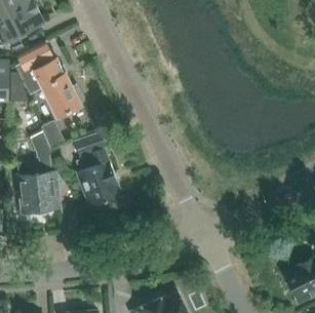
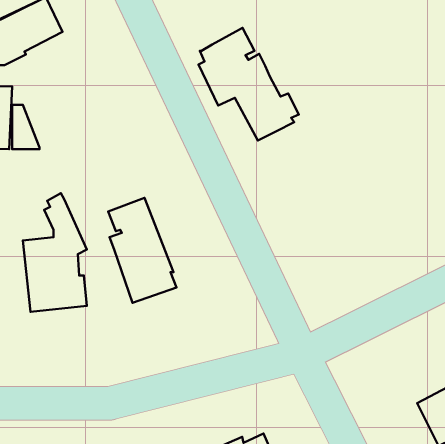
building: [15,42,83,118] -> [198,28,299,141]

